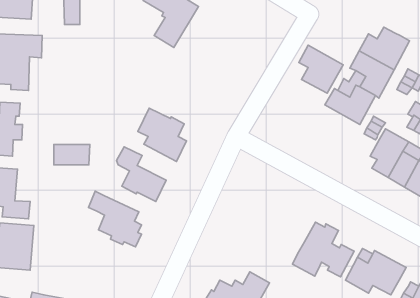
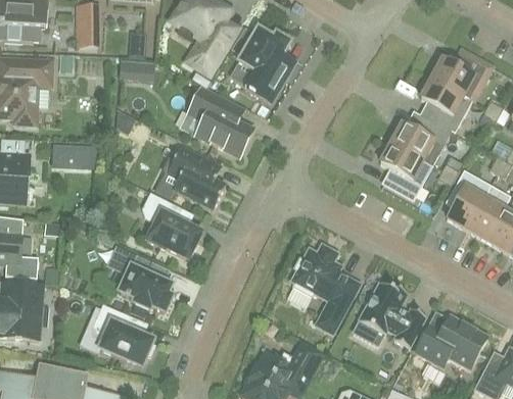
building: none -> [237,28,294,101]
building: none -> [119,60,154,81]
building: [299,45,343,93] -> [379,142,432,199]
building: none -> [188,88,252,156]
building: [54,144,90,165] -> [53,142,96,166]
building: none -> [291,246,360,334]
building: none -> [92,303,154,365]

